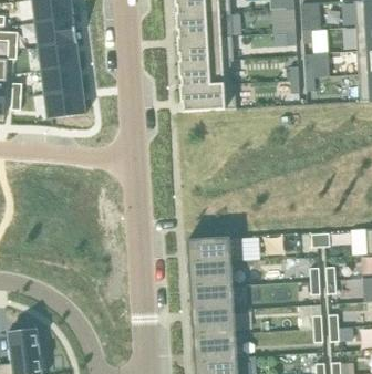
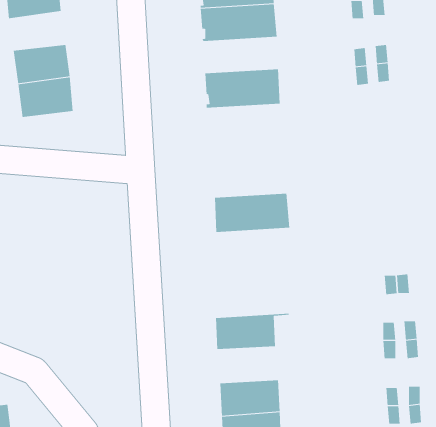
building: [38,41,80,70] -> none
building: [179,60,235,86] -> none
building: [187,236,242,264] -> [214,193,290,232]
building: [189,285,235,312] -> none

